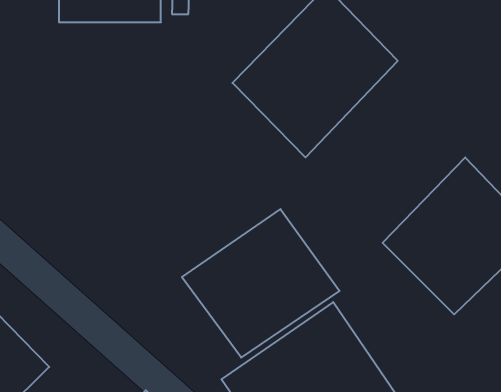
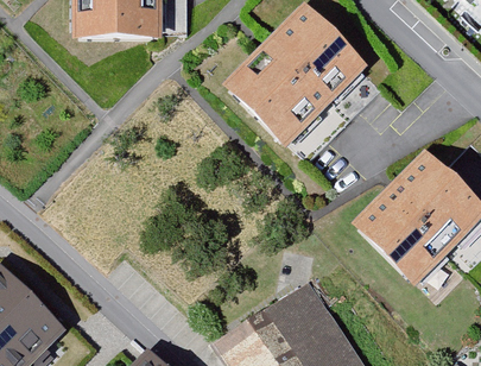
building: [182,209,340,358] -> none

